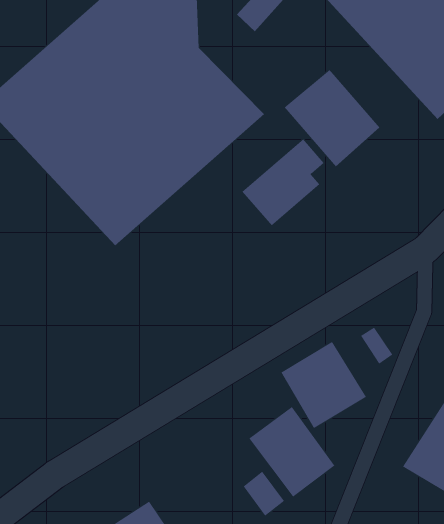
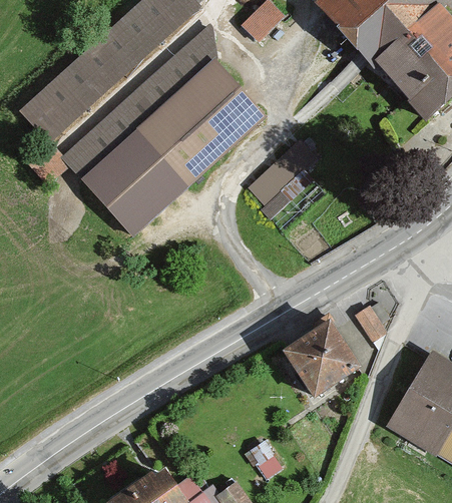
building: [284,69,380,167] -> none
building: [248,406,335,497] -> none

